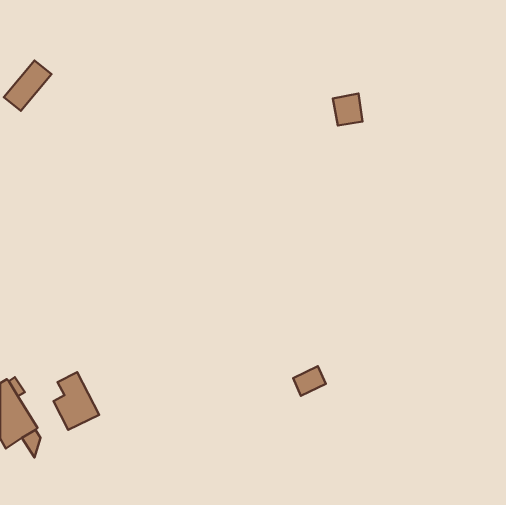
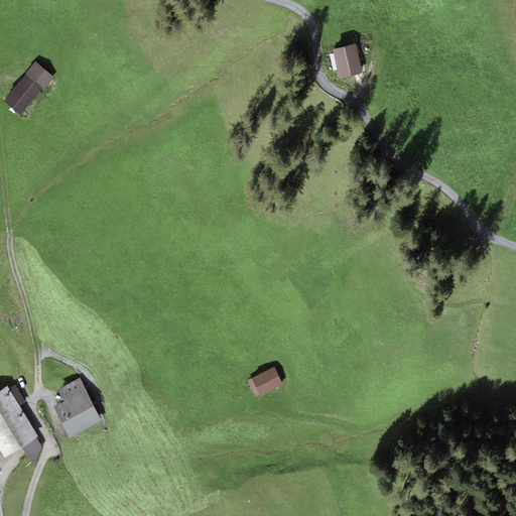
building: [333,94,362,125] -> [330,45,360,78]
building: [293,366,326,396] -> [250,367,283,397]

